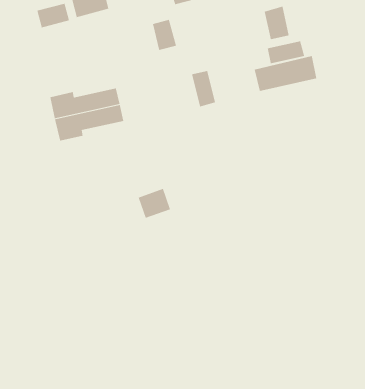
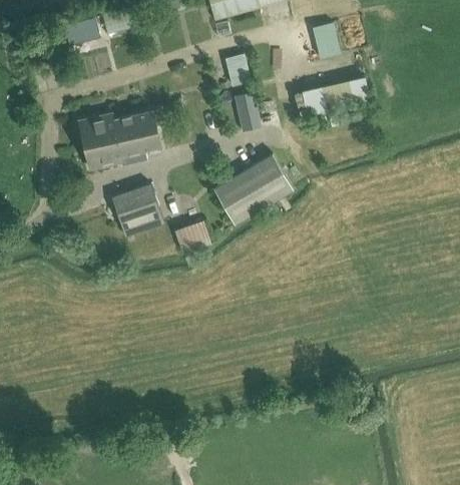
building: [152,19,177,51] -> [225,54,253,88]
building: [267,41,305,64] -> none
building: none -> [213,155,293,224]
building: none -> [111,183,163,235]

